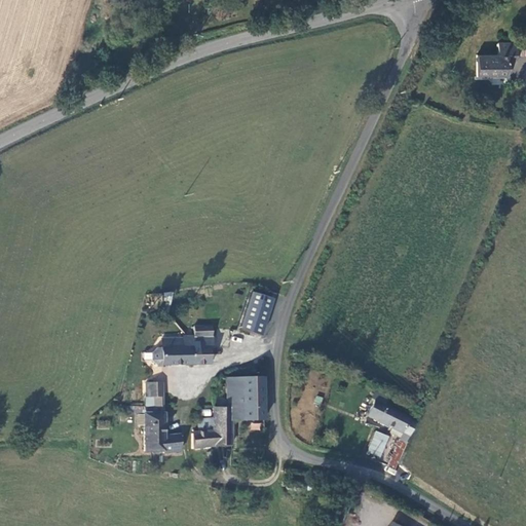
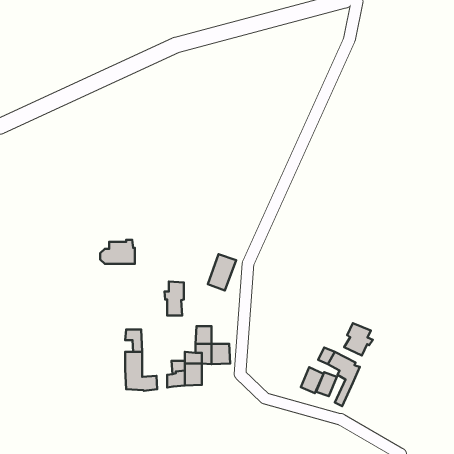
building: [478,42,518,77] -> none
building: [153,337,193,365] -> [100,240,135,264]
building: none -> [344,323,373,355]
building: [245,377,266,398] -> none
building: none -> [301,367,324,393]

